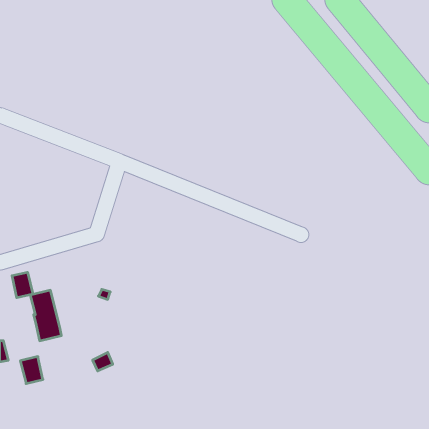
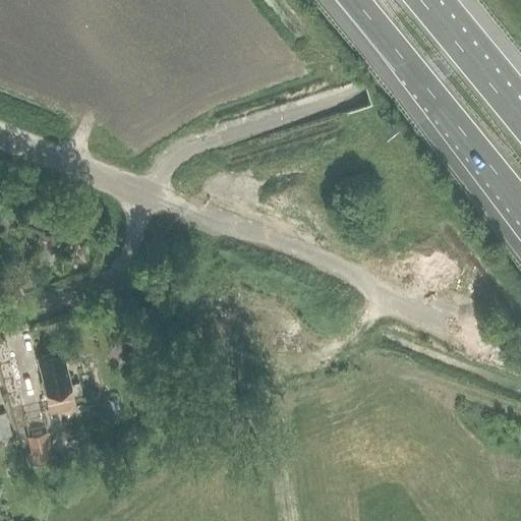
building: [12,272,33,298] -> none

